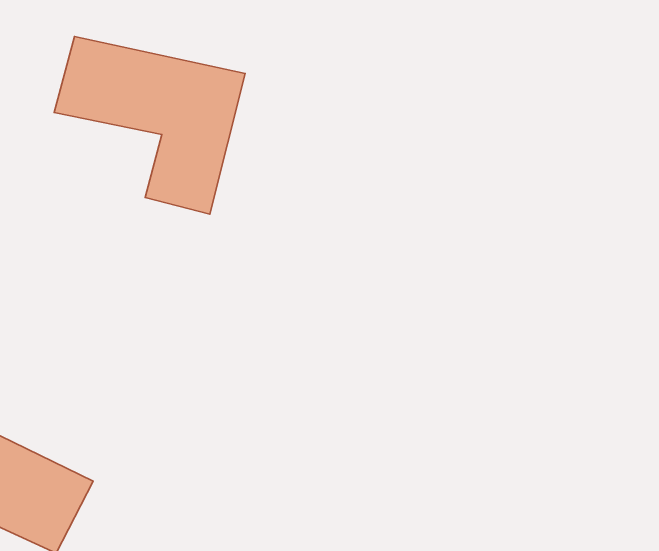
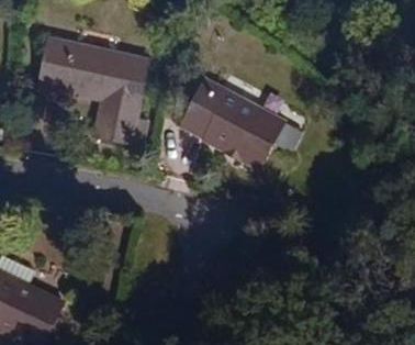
building: none -> [182,75,285,162]

